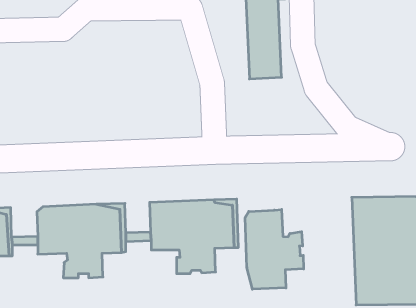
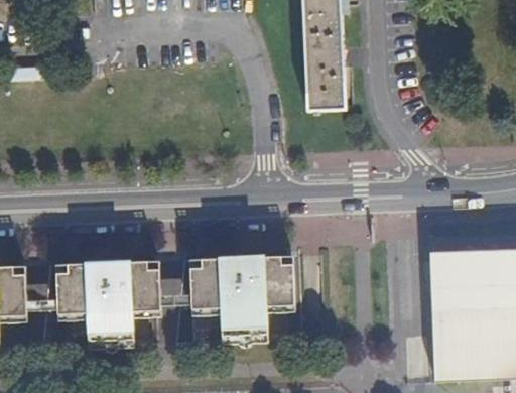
building: [245,209,304,289] -> none

